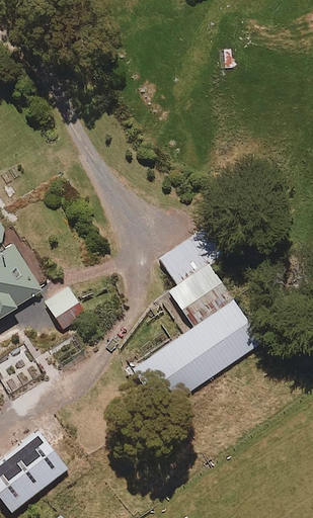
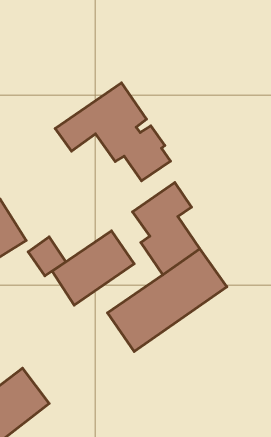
building: none -> [55,83,170,181]
building: none -> [52,231,134,305]

